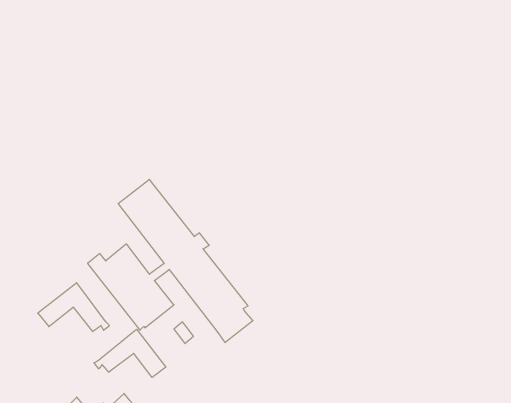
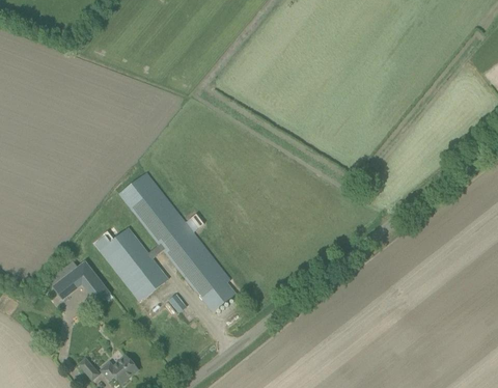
building: [94,329,166,377] -> none

